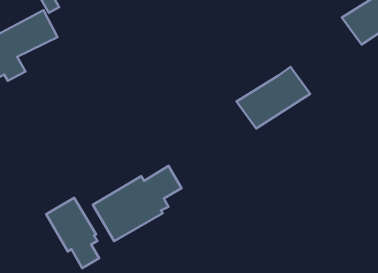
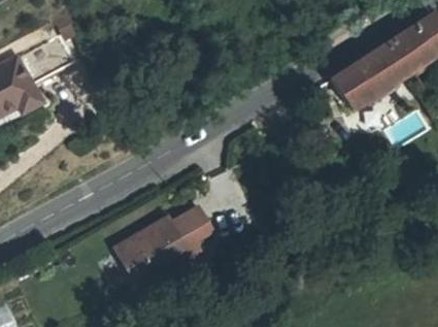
building: [236,67,310,128] -> [331,40,412,108]
building: [46,198,99,268] -> none

